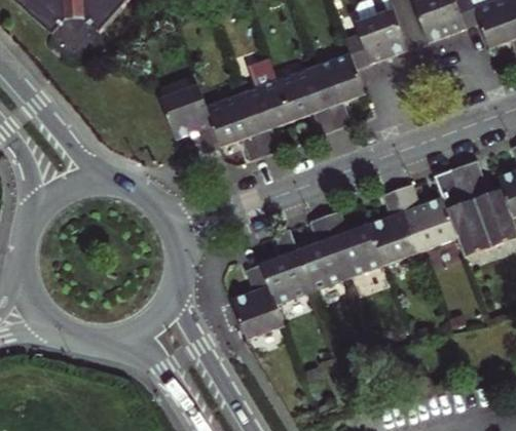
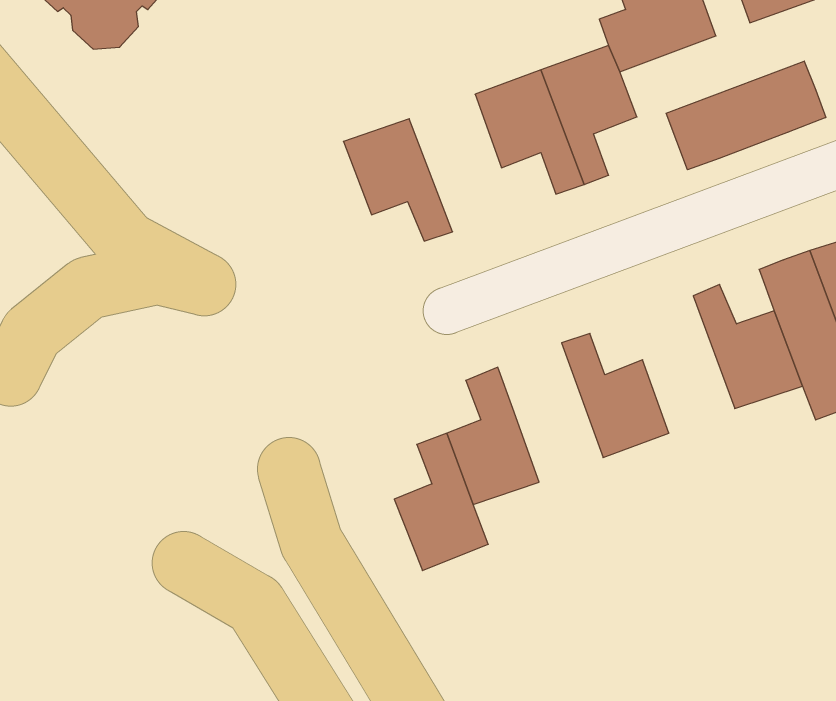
building: [242,61,292,154] -> none
building: none -> [666,61,826,170]
building: [162,84,221,151] -> none
building: [369,189,419,264] -> none
building: [298,214,347,290] -> none

